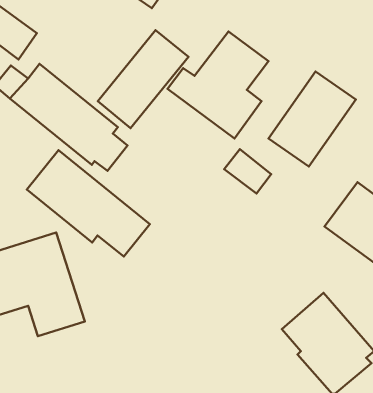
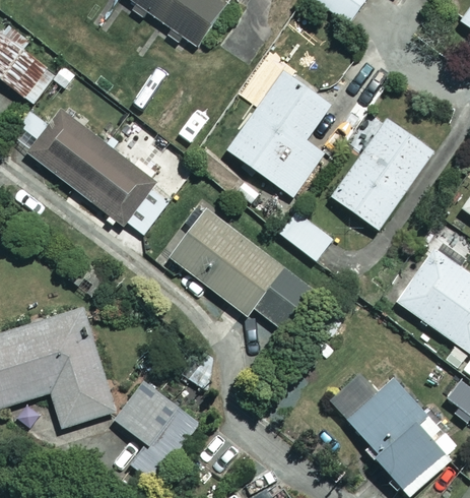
building: [98,30,188,128] -> none
building: [27,150,150,256] -> [170,208,313,332]
building: none -> [115,381,198,480]

